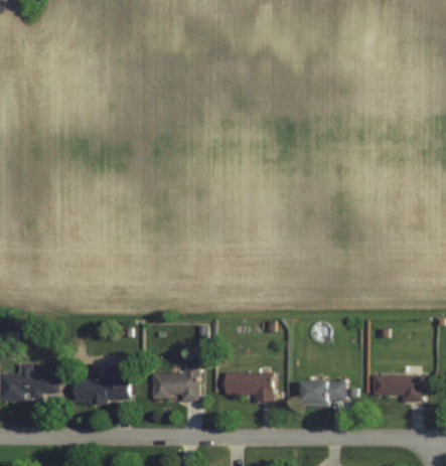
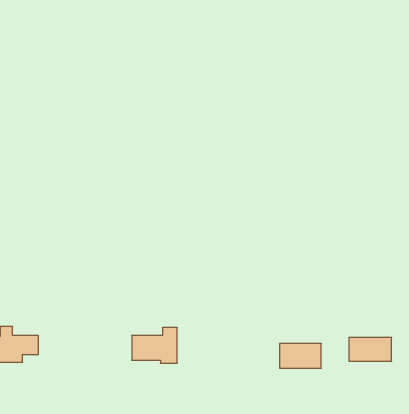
building: [226,372,274,403] -> none
building: [75,379,130,403] -> none

